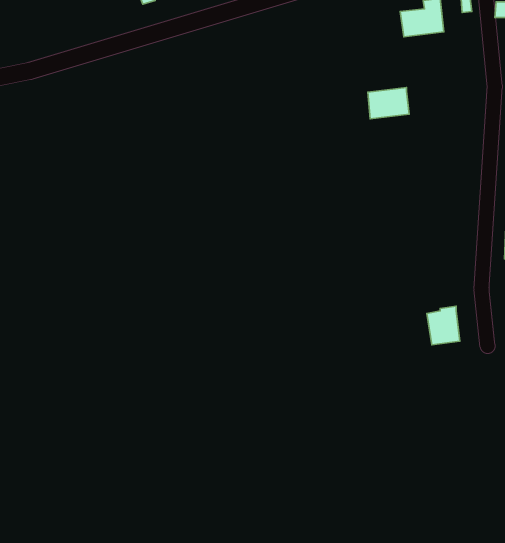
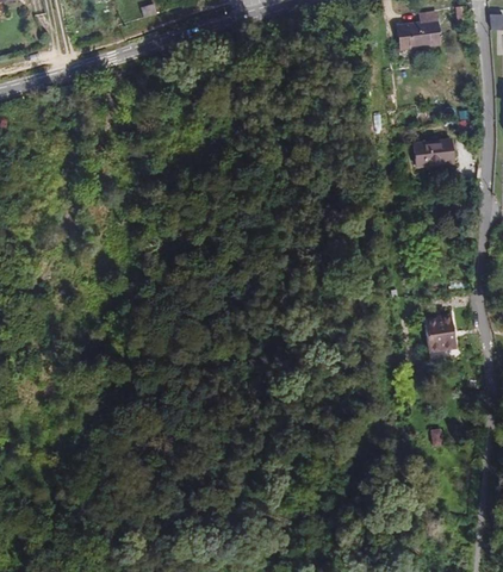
building: [368,87,409,119] -> [412,138,453,169]

